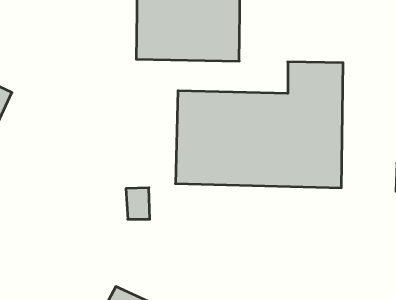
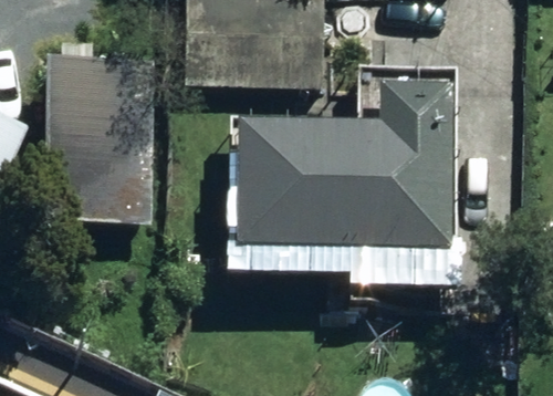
building: none -> [49,59,150,210]

